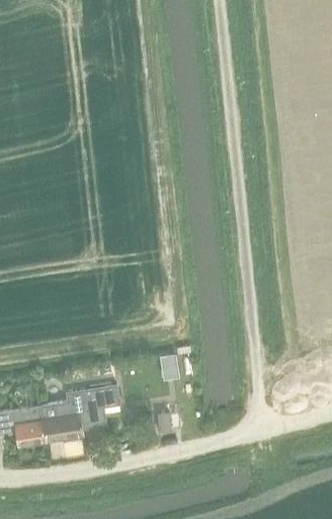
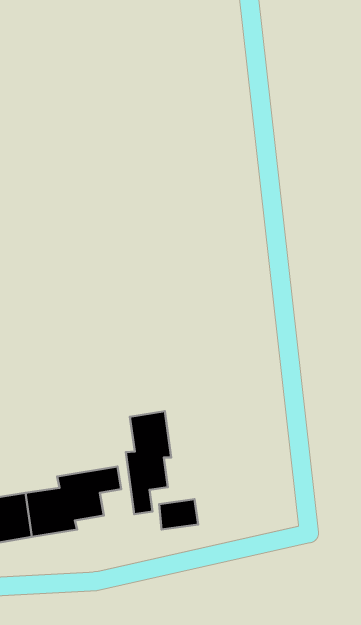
building: none -> [126,411,171,514]

